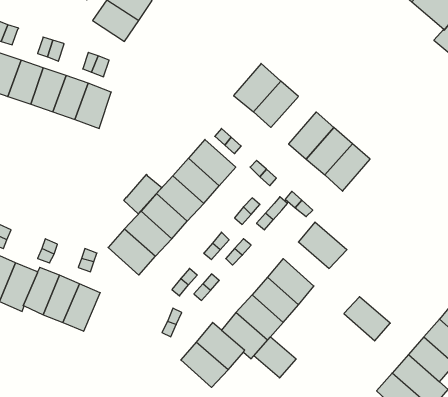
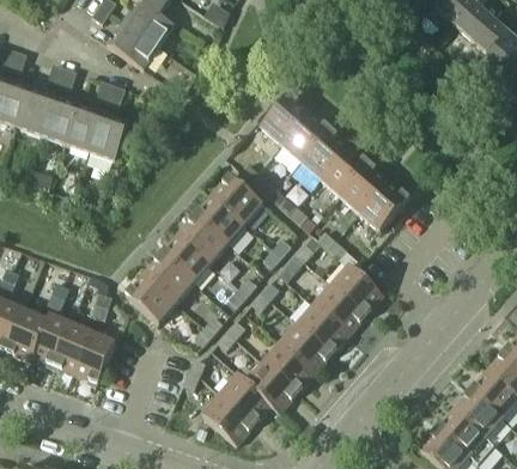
building: none -> [302,127,351,178]
building: [124,174,162,214] -> none
building: [344,297,390,341] -> [315,285,365,333]
building: [254,337,296,378] -> none

